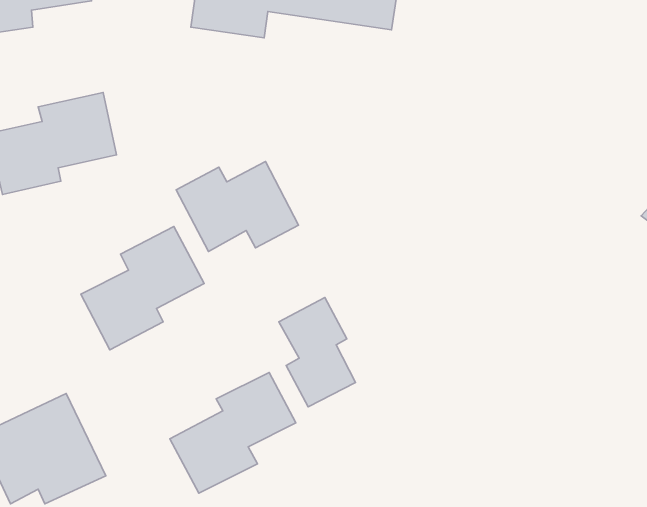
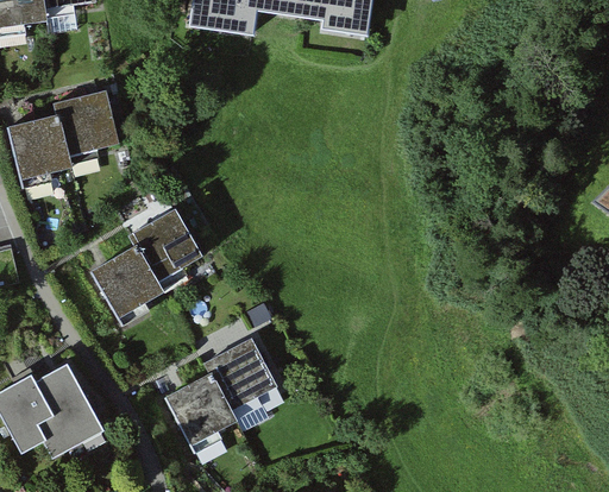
building: [176,162,298,251] -> none
building: [279,297,356,407] -> none

